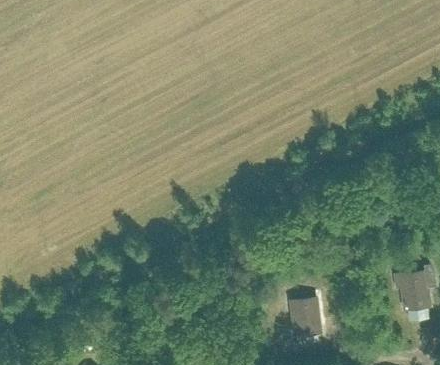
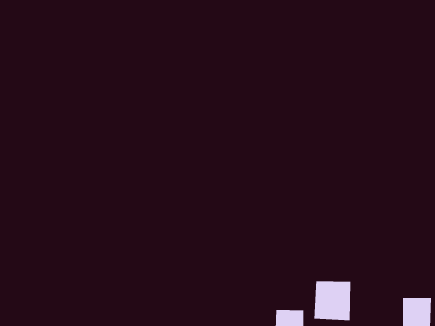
building: none -> [314,280,351,321]

